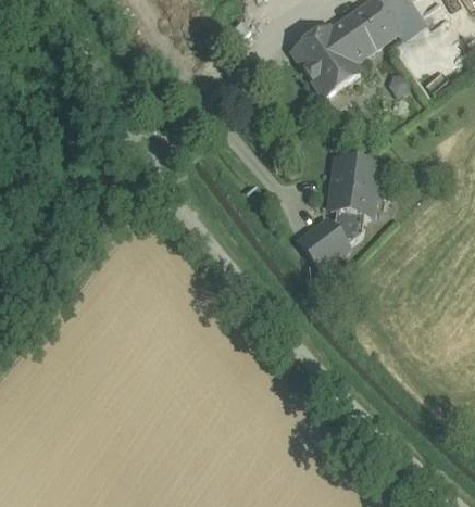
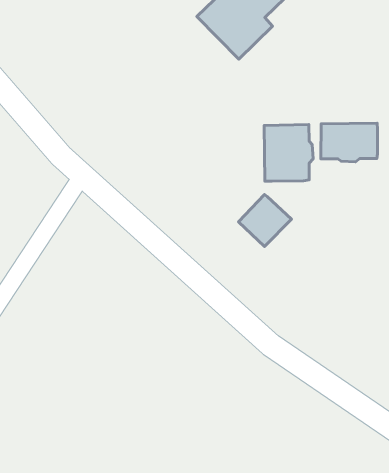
building: none -> [321,123,378,162]
building: [329,206,364,240] -> none

